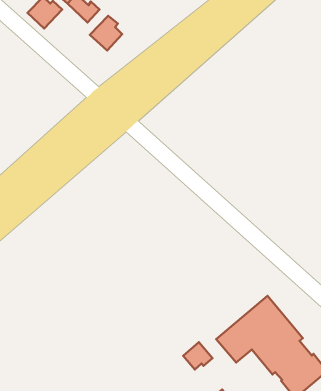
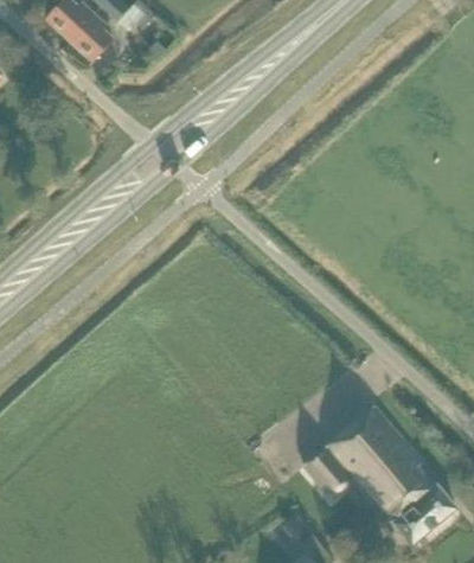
building: [90,16,122,50] -> [69,15,113,63]
building: [183,342,213,370] -> none

